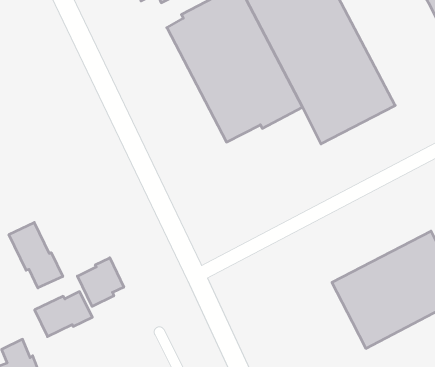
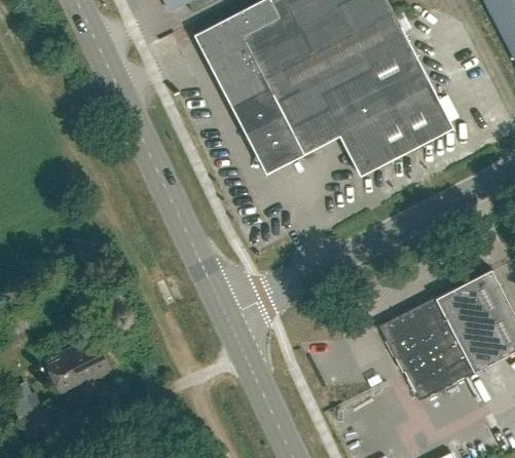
building: [9,222,63,288] -> none
building: [77,258,124,306] -> none

